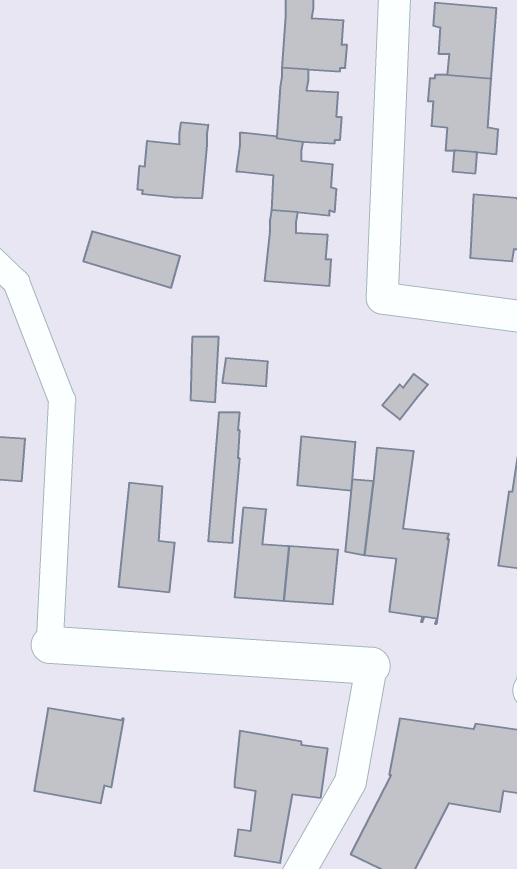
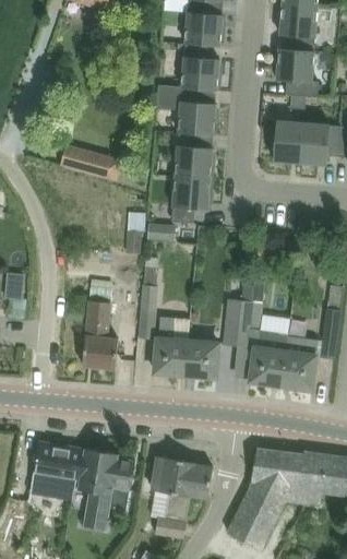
building: [138,122,208,198] -> none
building: none -> [271,120,303,162]
building: none -> [170,176,214,223]
building: [297,436,355,491] -> none
building: none -> [280,336,318,390]
building: none -> [79,448,135,531]

